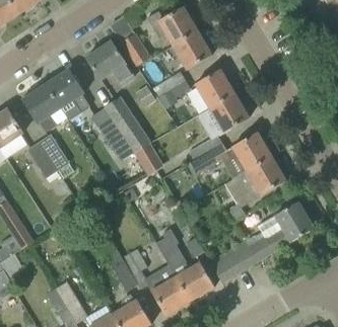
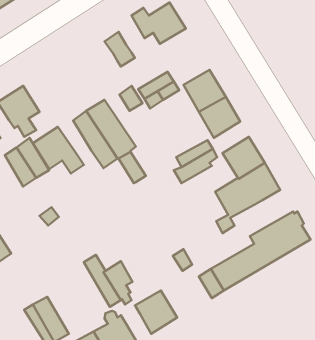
building: [173,30,211,70] -> none
building: [85,42,134,85] -> none
building: [45,69,92,112] -> [33,127,84,173]
building: [156,229,214,301] -> none

